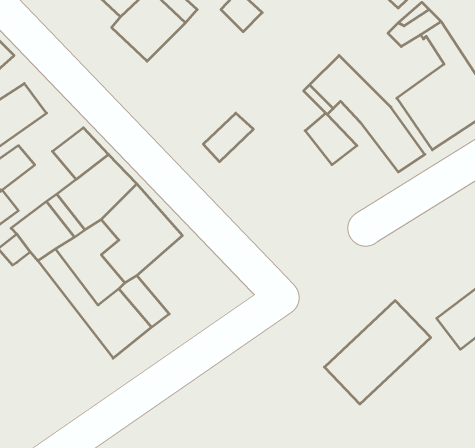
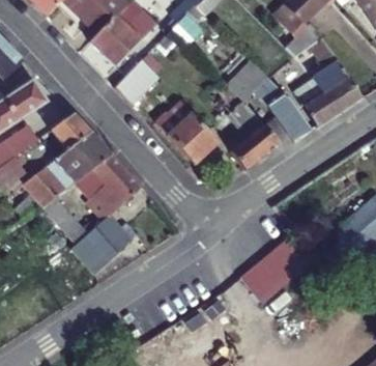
building: none -> [114,56,157,103]
building: none -> [166,112,218,163]
building: none -> [228,123,278,168]

